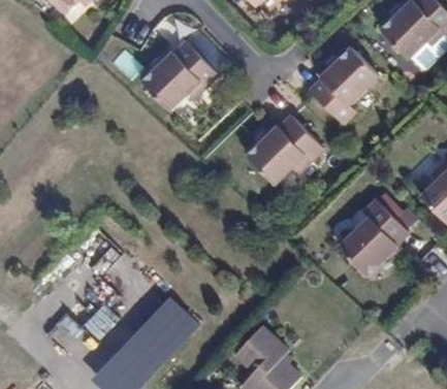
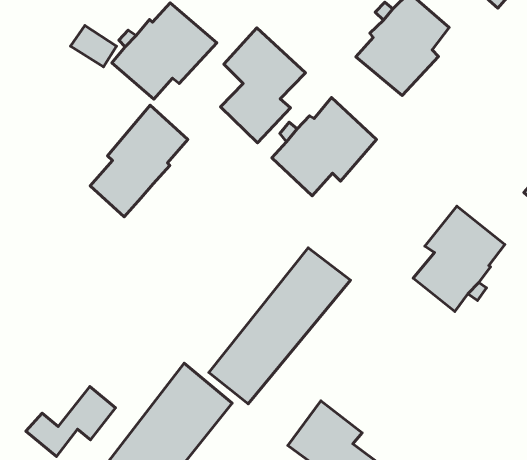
building: none -> [221,28,305,143]
building: none -> [90,105,188,217]
building: none -> [209,248,350,404]

